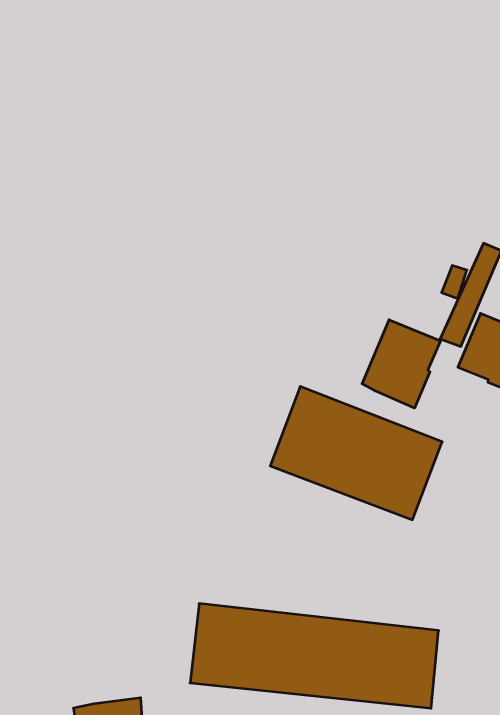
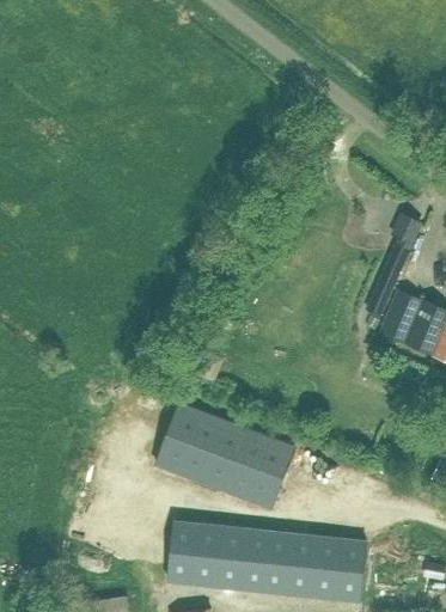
building: [362,320,440,408] -> none
building: [270,387,442,520] -> [157,403,294,509]

